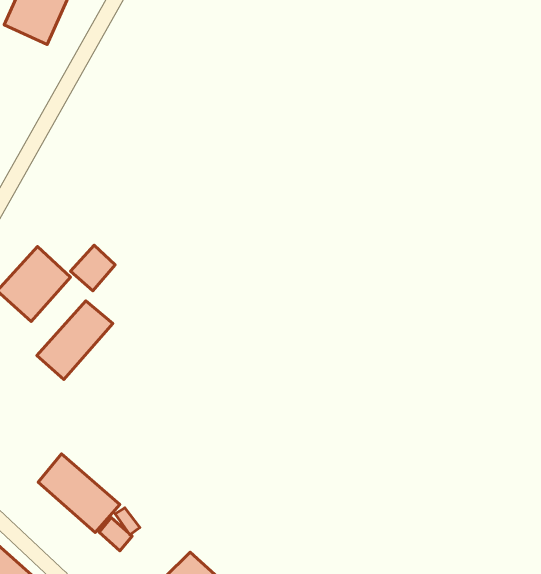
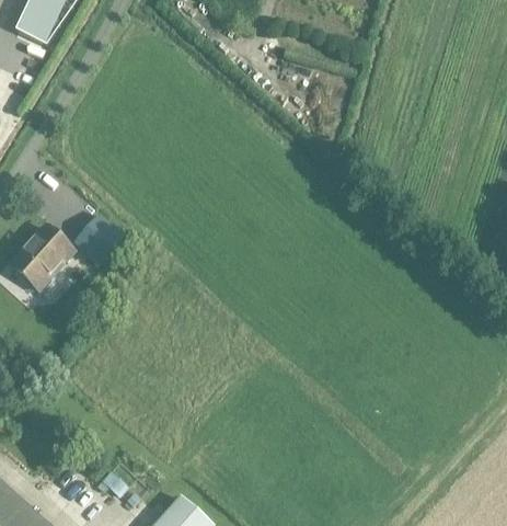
building: [37,301,113,379] -> none
building: [38,454,120,532] -> none

